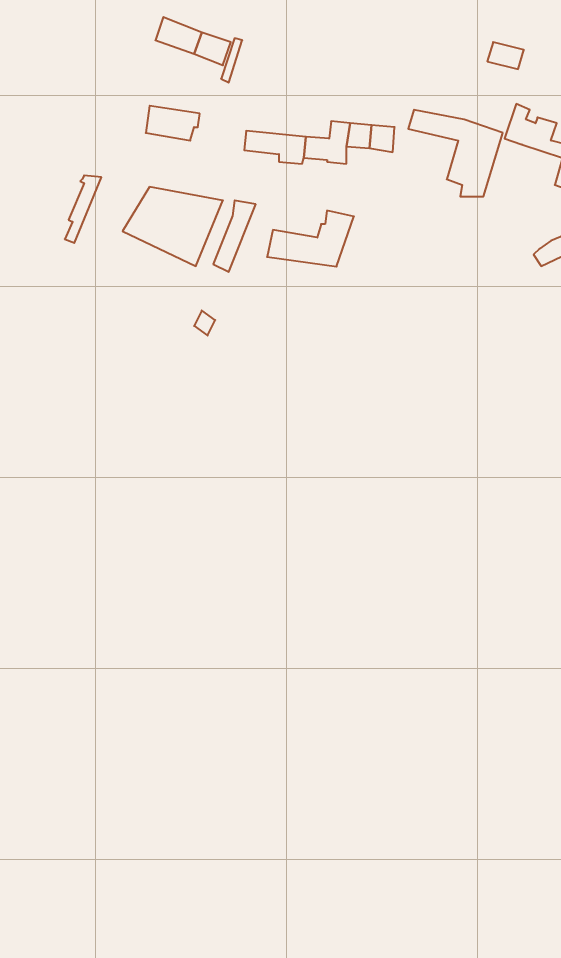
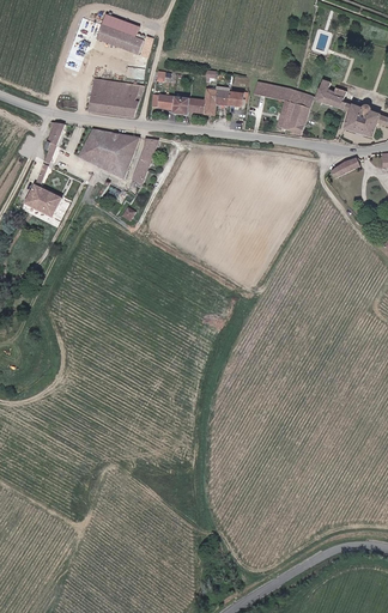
building: [267,211,354,267] -> [87,83,141,117]
building: none -> [24,163,60,216]

